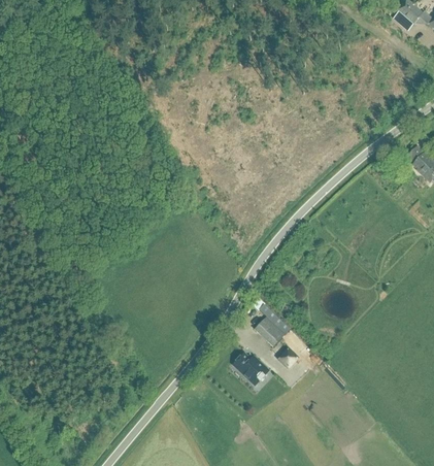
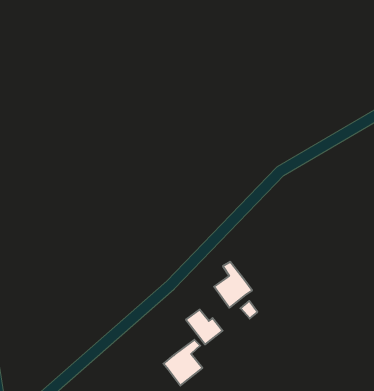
building: none -> [163,340,202,386]

